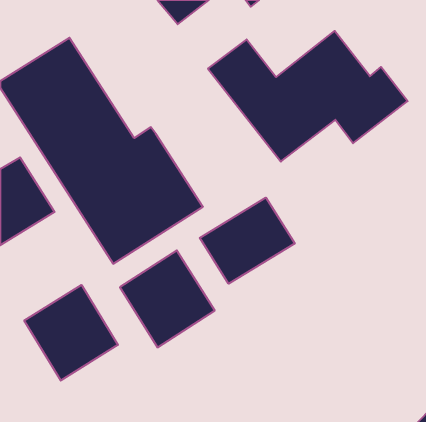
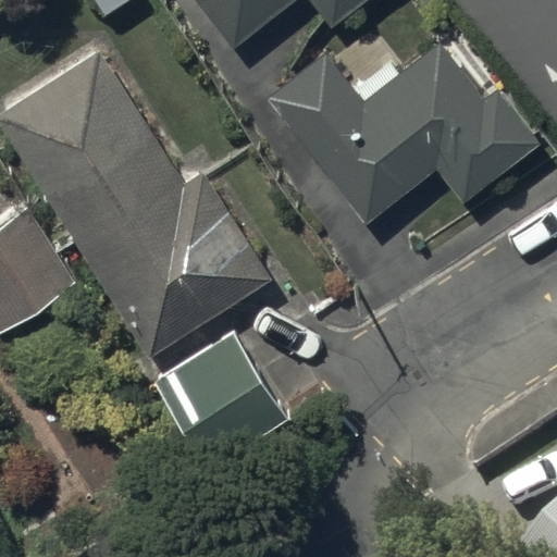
building: [200,198,295,284] -> none
building: [24,285,118,381] -> none

